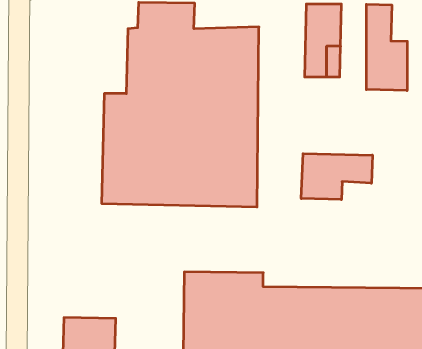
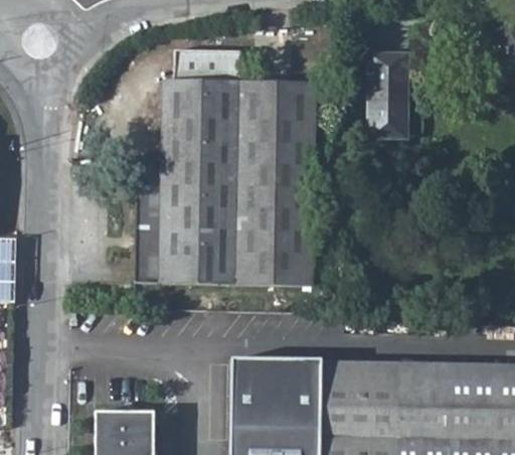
building: [366,4,407,91] -> none
building: [301,154,372,200] -> none

